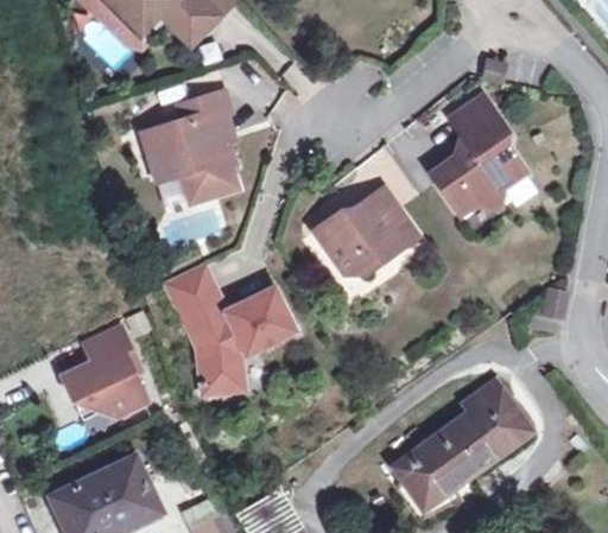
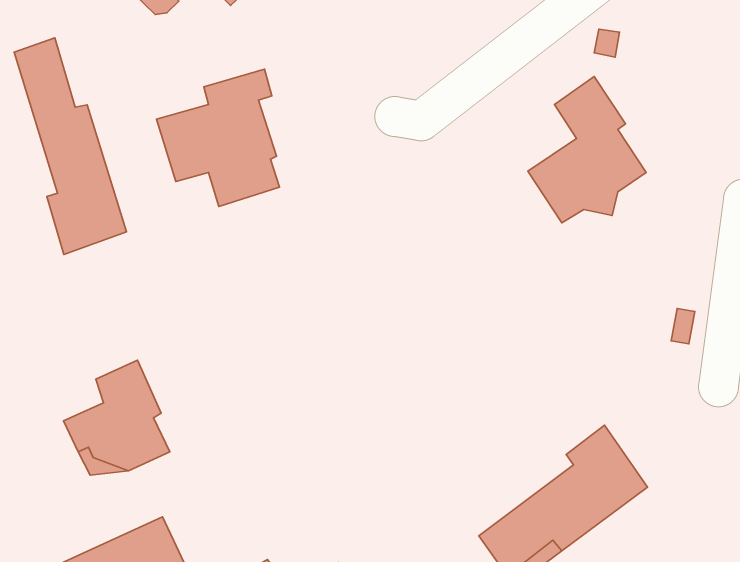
building: none -> [14,38,126,255]
building: [311,188,417,273] -> none
building: [170,266,296,396] -> none

